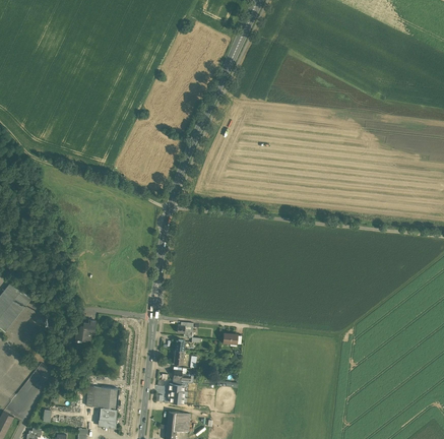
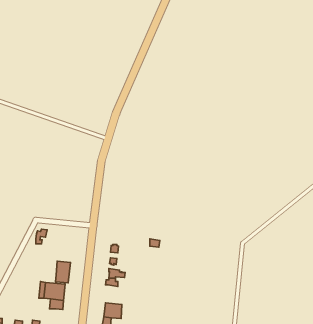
building: none -> [56,261,71,283]

